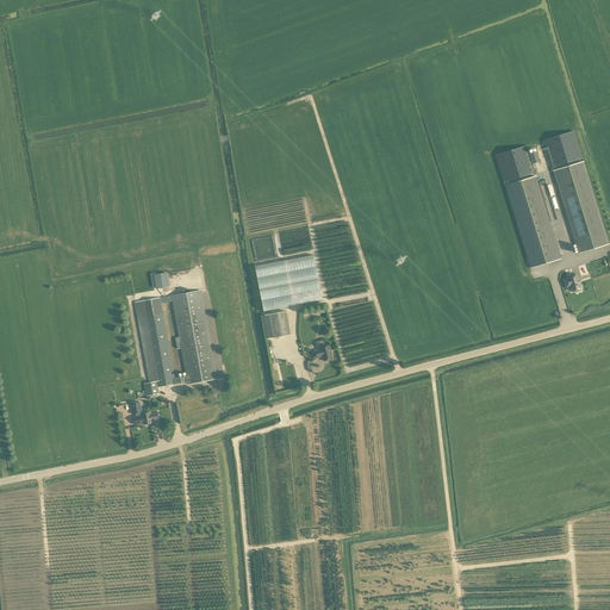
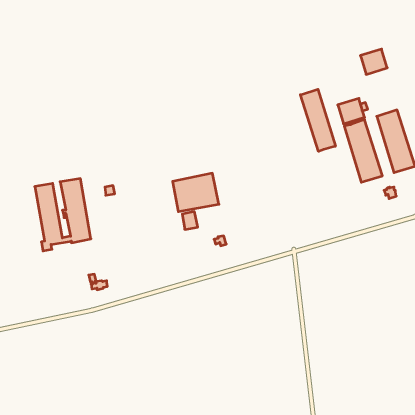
building: [542,130,581,167] -> [360,49,387,74]
building: none -> [300,89,335,151]
building: [133,290,216,396] -> [35,179,91,251]

